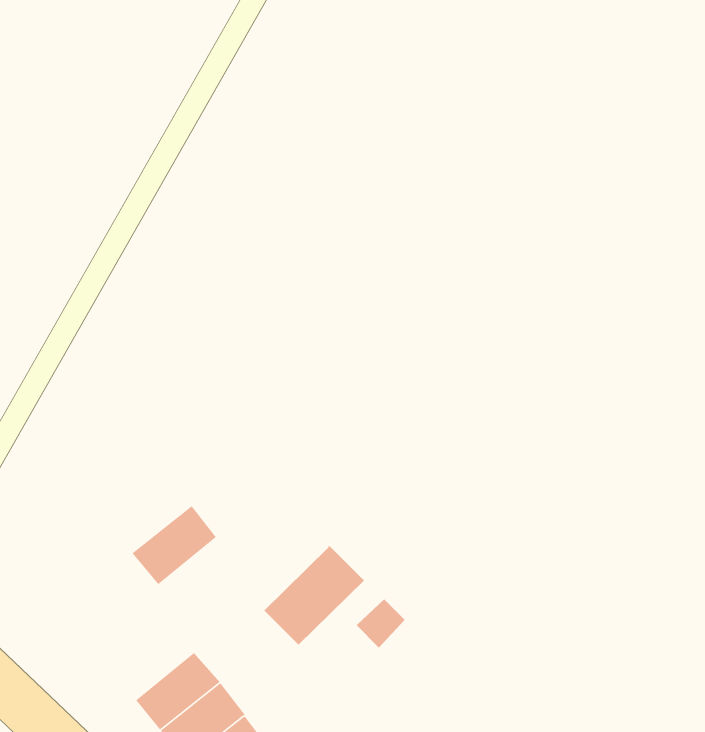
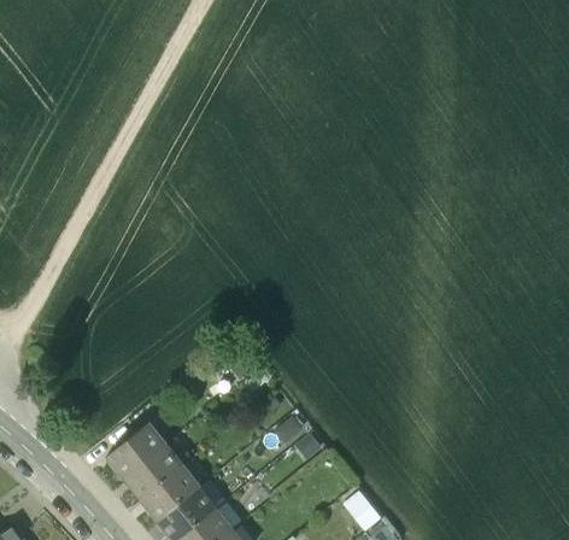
building: [131,505,217,585] -> [108,424,166,479]
building: [264,545,365,645] -> none

